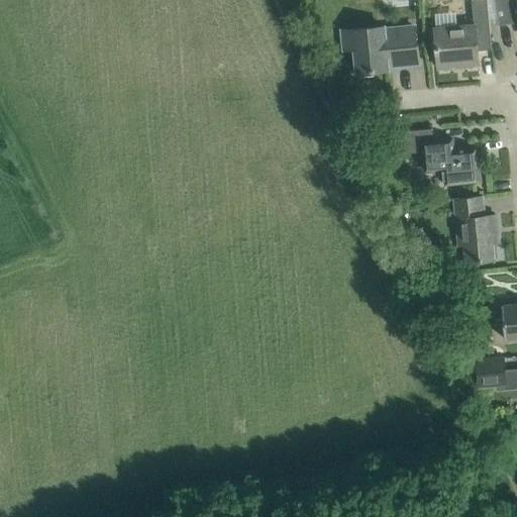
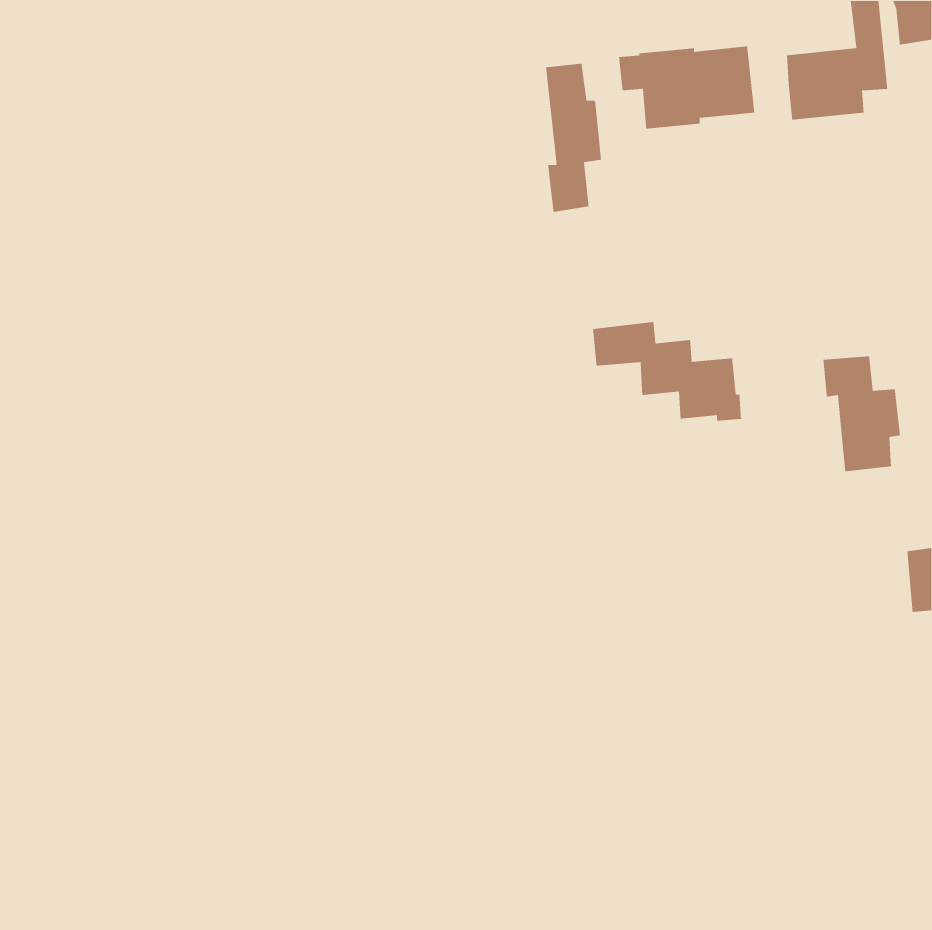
building: none -> [545,63,602,213]
building: [398,129,481,185] -> [592,321,742,421]
building: [477,358,506,387] -> none

